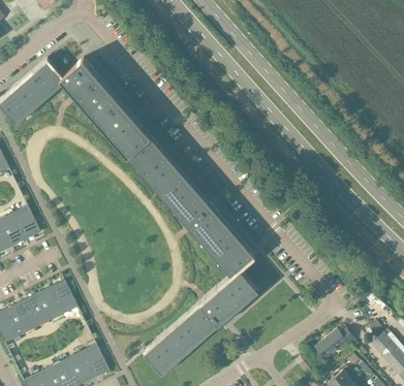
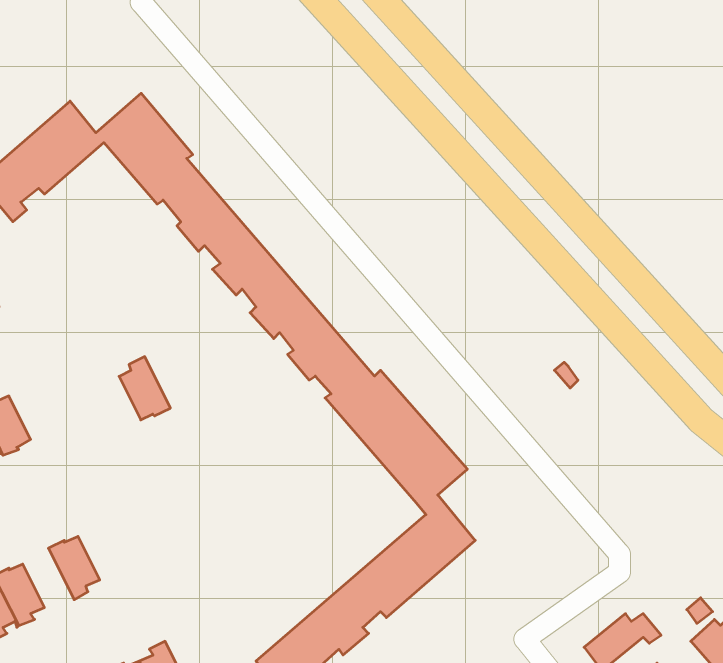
building: [14,205,41,238] -> [119,357,170,420]
building: [51,281,77,312] -> none
building: [22,295,49,326] -> none

